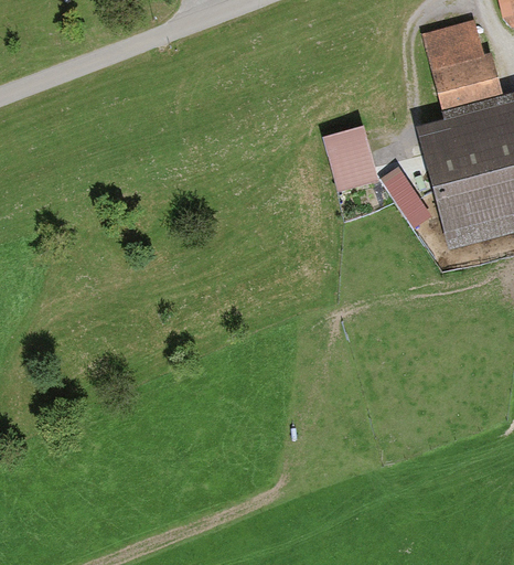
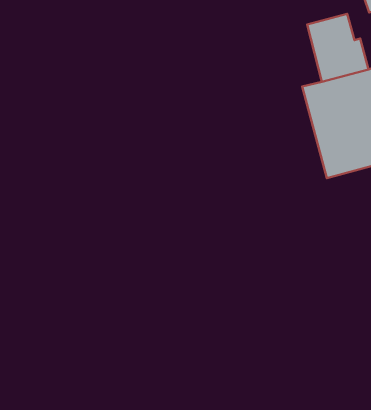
building: [322,128,378,193] -> none
building: [383,170,433,232] -> none

